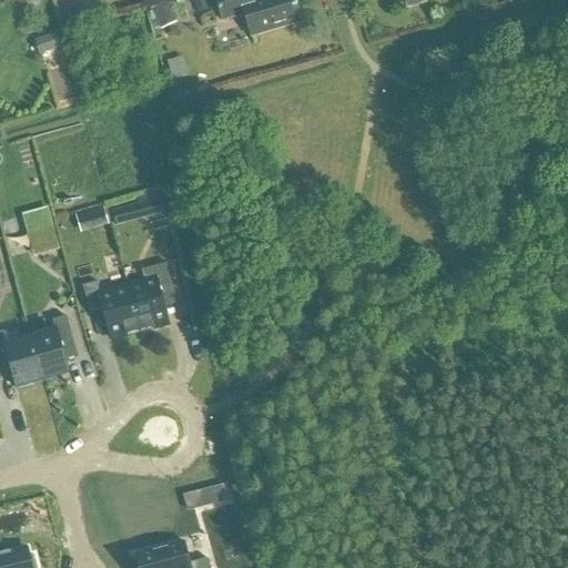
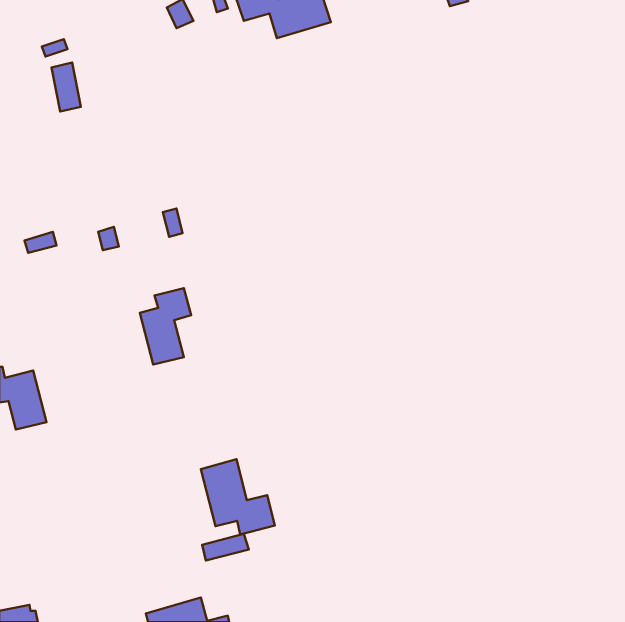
building: [81,280,139,337] -> none
building: [30,314,75,382] -> none
building: none -> [201,459,275,535]

